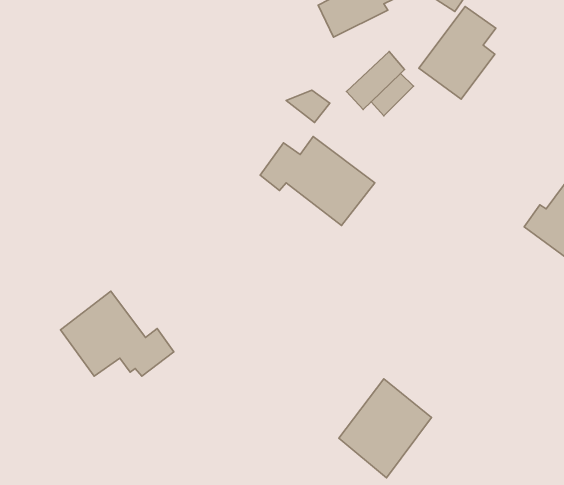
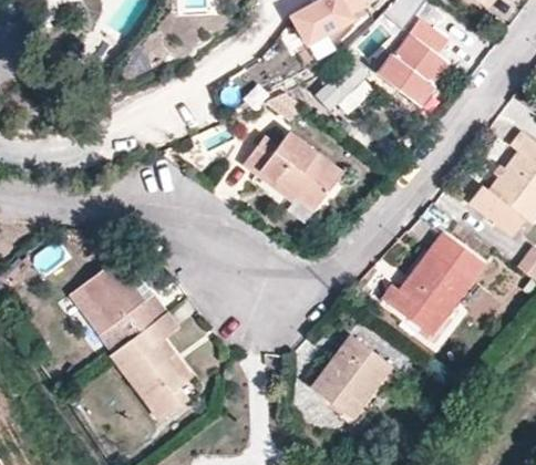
building: none -> [380,234,485,339]
building: none -> [112,314,192,421]

